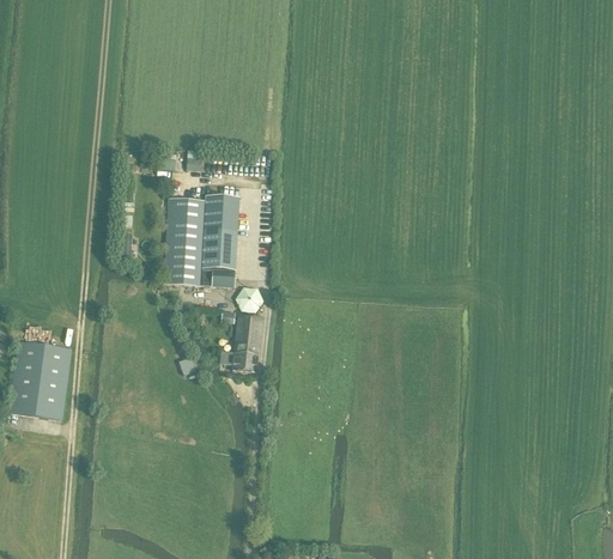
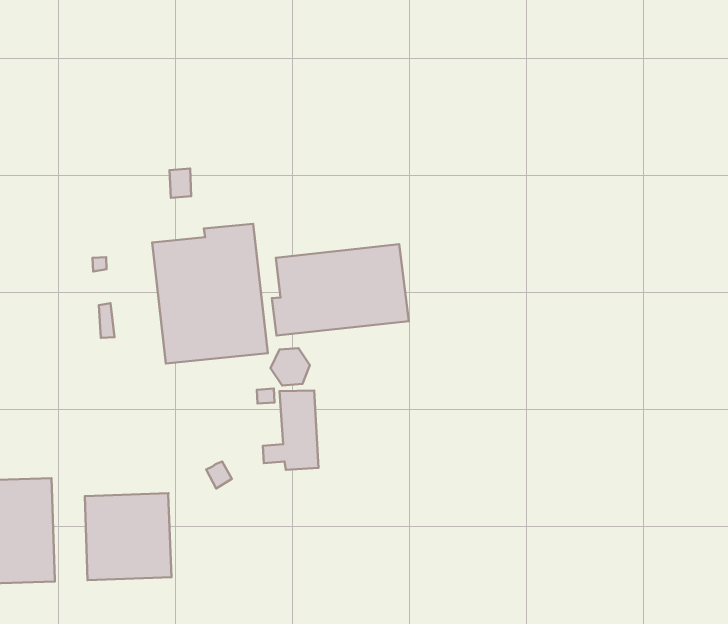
building: none -> [272,244,409,335]
building: none -> [85,493,171,580]

